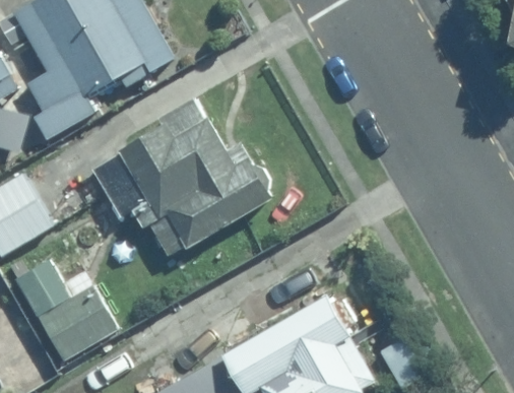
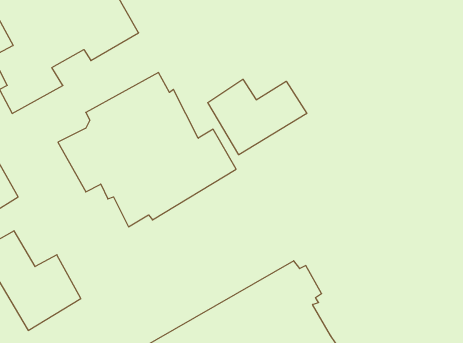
building: none -> [208,79,307,155]

